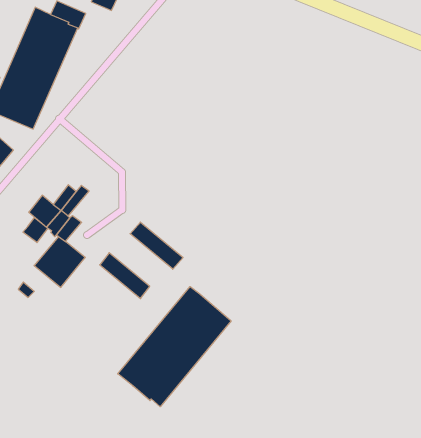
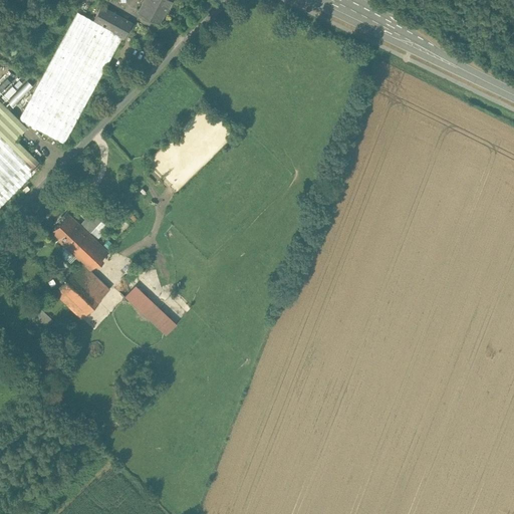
building: [23,218,48,243] -> none
building: [130,222,183,269] -> none
building: [118,287,231,407] -> none

